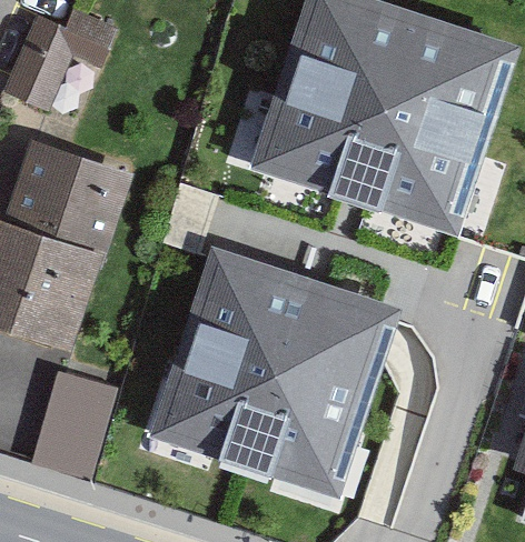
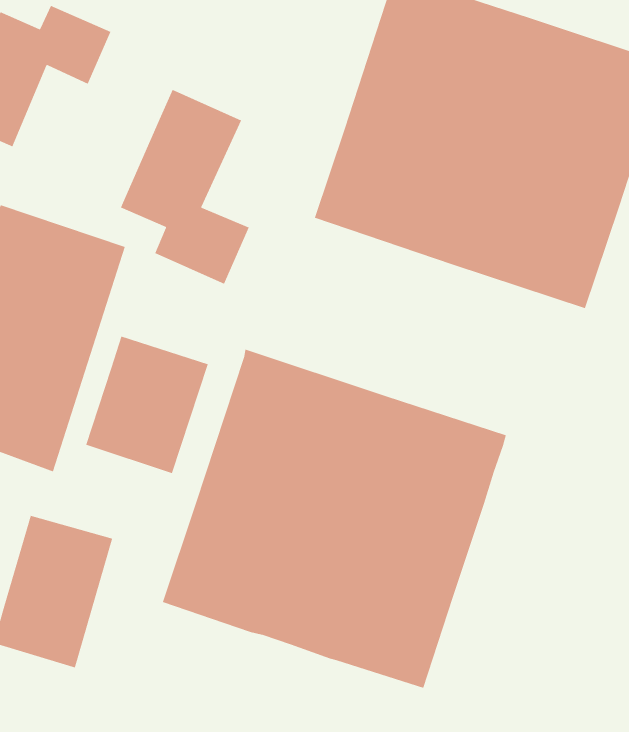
building: none -> [120,89,250,285]
building: none -> [85,336,209,474]

